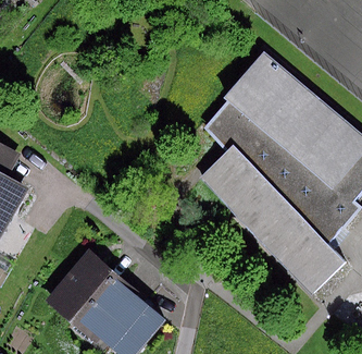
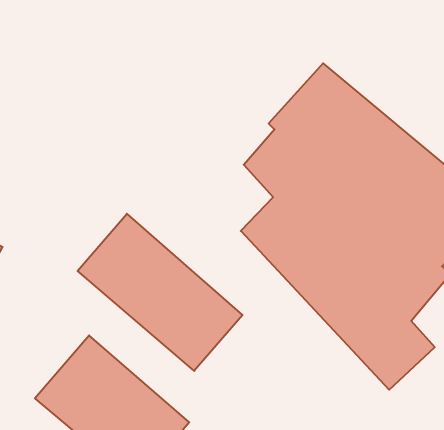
building: none -> [78,214,242,371]

